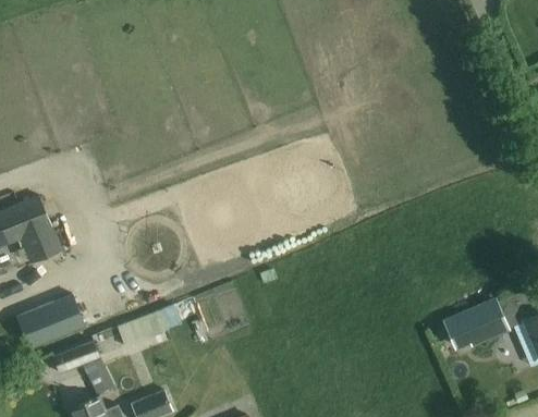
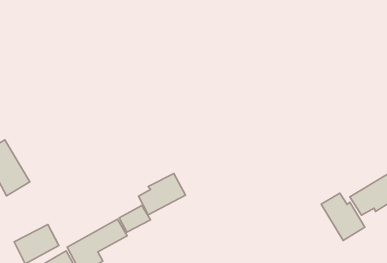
building: none -> [139,173,186,215]
building: none -> [321,193,365,240]

